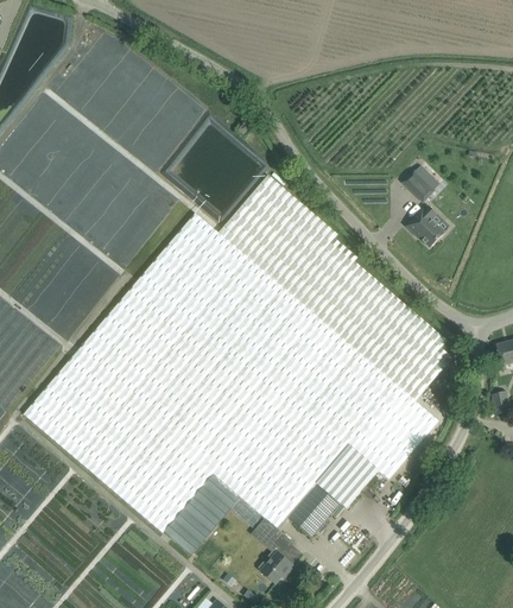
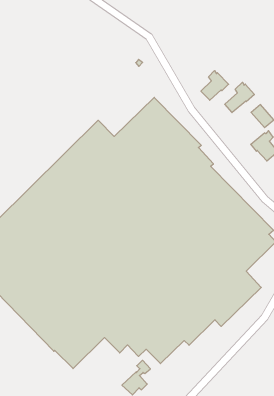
building: none -> [201,71,229,100]
building: none -> [225,82,254,113]

